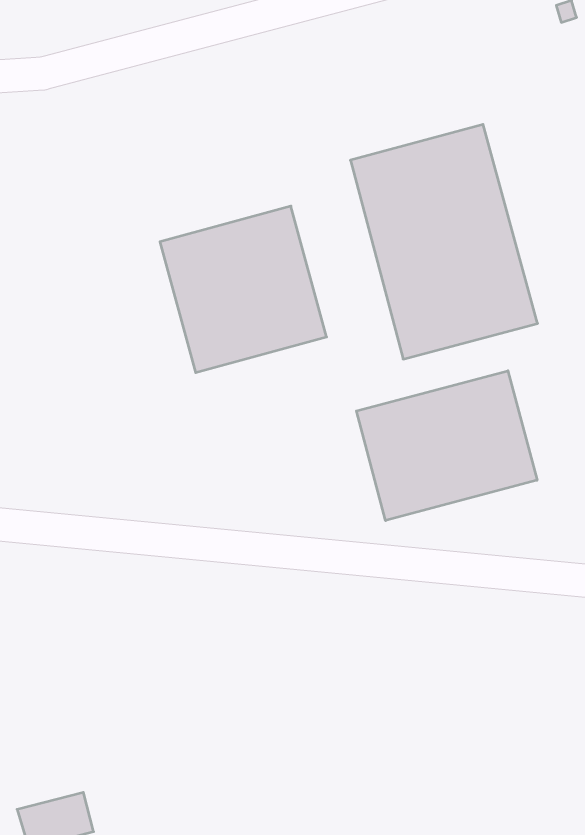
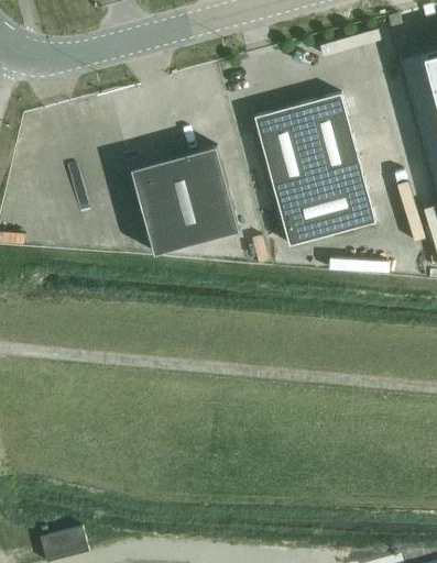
building: [356,371,537,521] -> none

